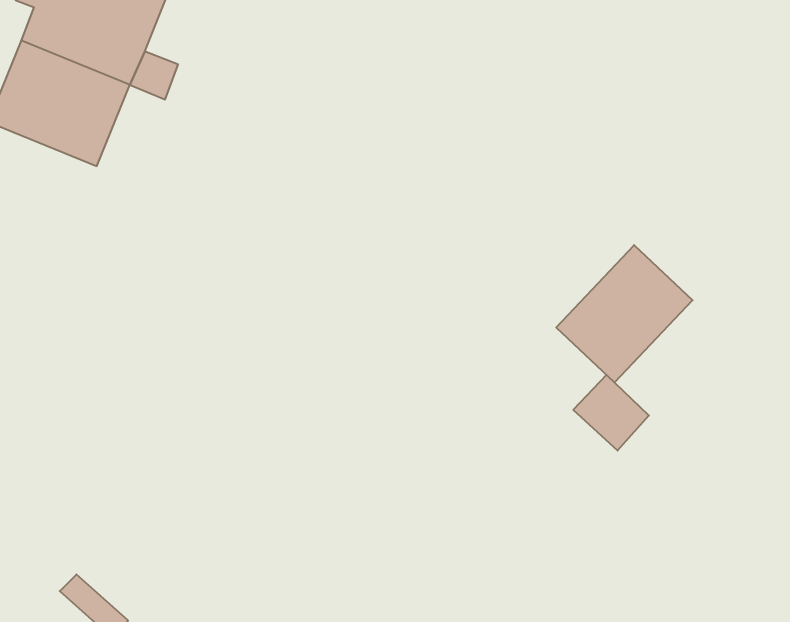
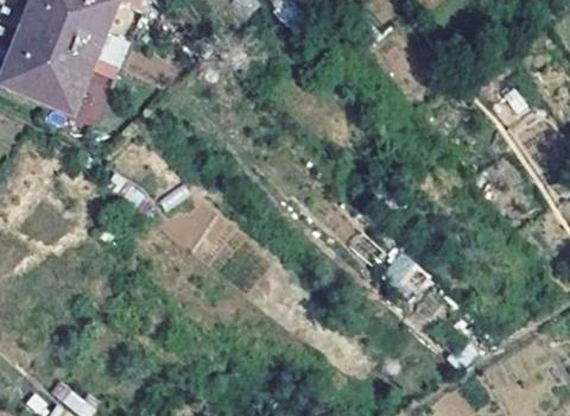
building: [556,245,693,383] -> none

